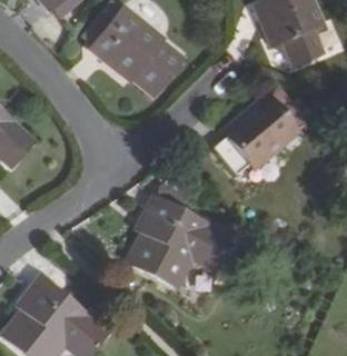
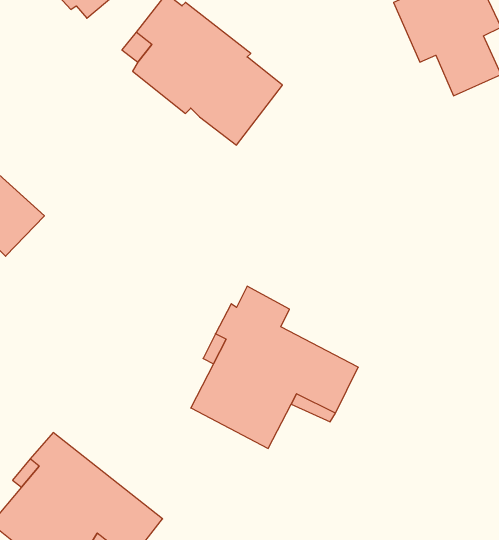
building: [211,88,305,175] -> none

